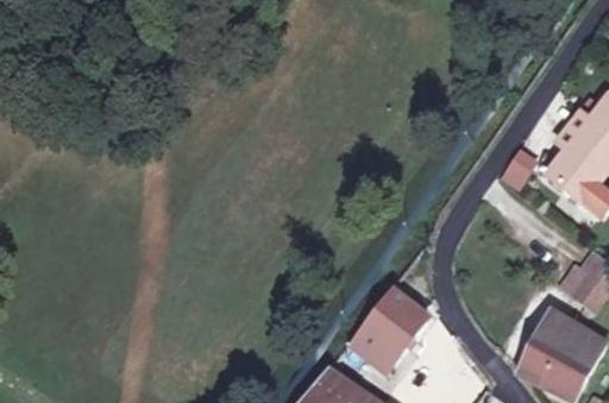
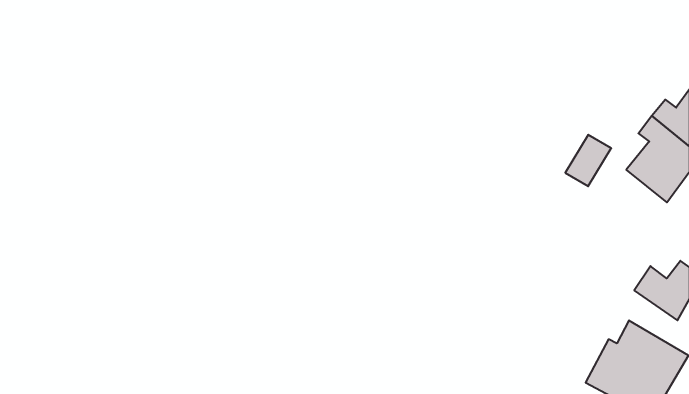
building: [352,285,427,363] -> none

